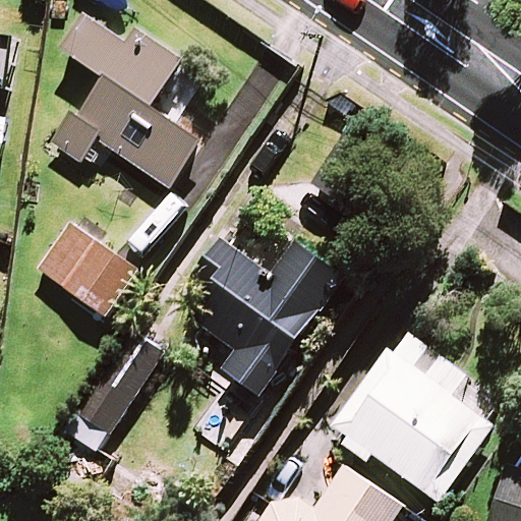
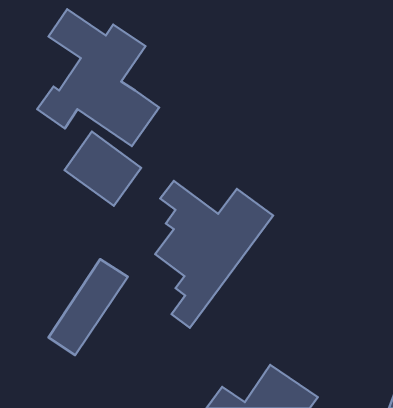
building: [39,221,135,314] -> [64,132,141,206]
building: [334,332,490,500] -> none

